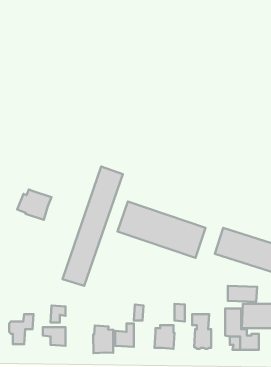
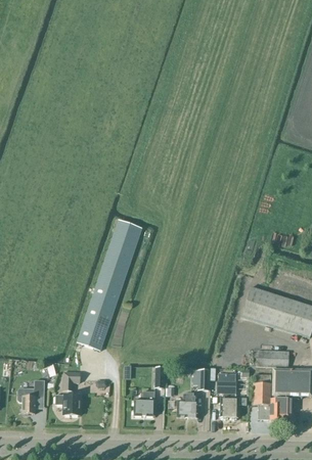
building: [17,189,51,220] -> none
building: [118,201,206,258] -> none
building: [93,326,113,353] -> none

